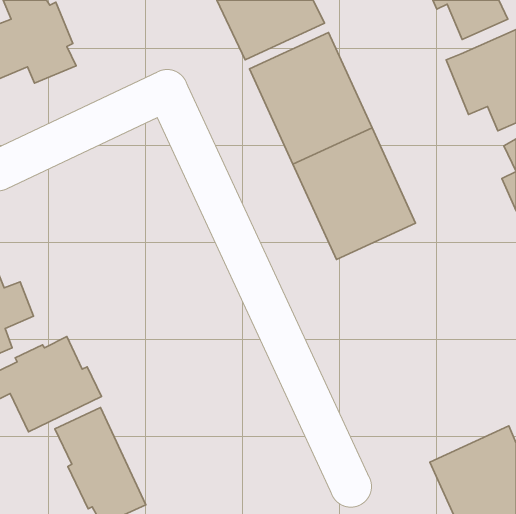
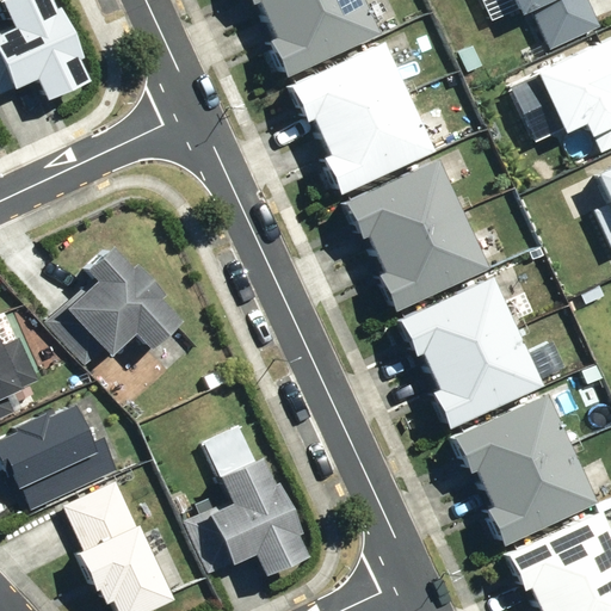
building: none -> [42,246,184,370]
building: none -> [399,272,543,426]
building: none -> [453,393,599,549]
building: none -> [210,457,309,576]

